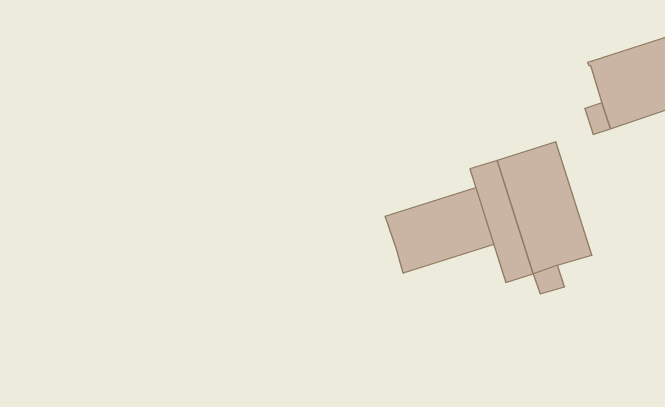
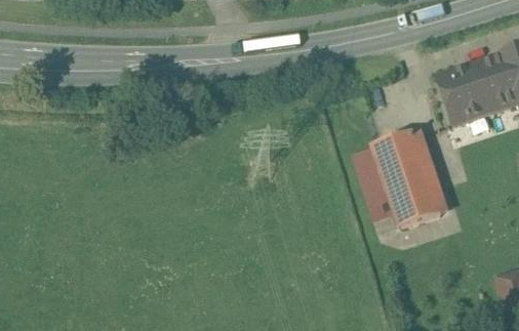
building: [385,188,494,273] -> none

